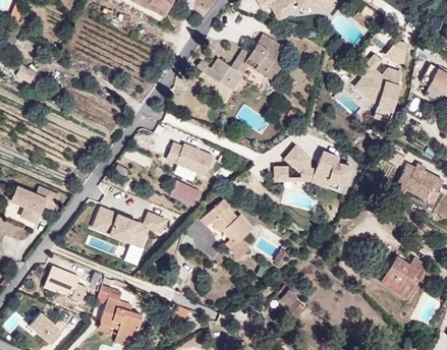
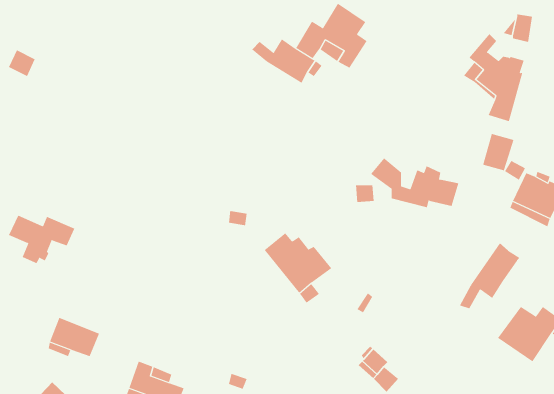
building: none -> [483,133,514,171]
building: [168,143,216,176] -> none
building: [95,208,169,249] -> none
building: none -> [459,243,520,309]

